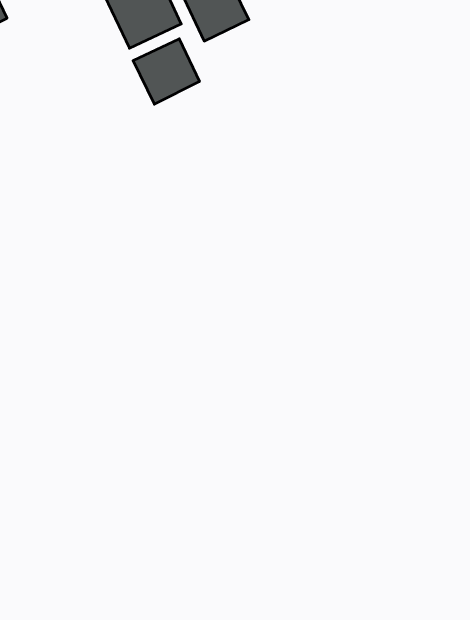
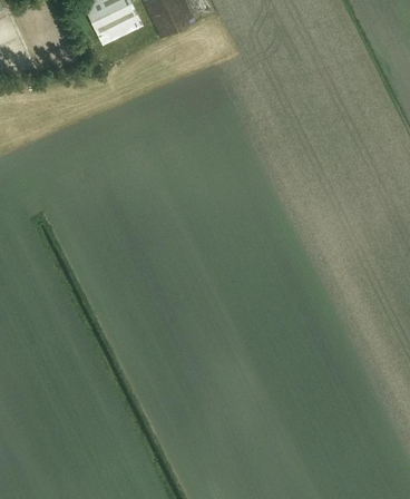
building: [133,39,199,104] -> none

